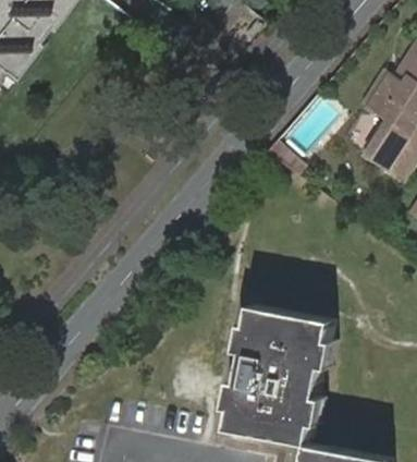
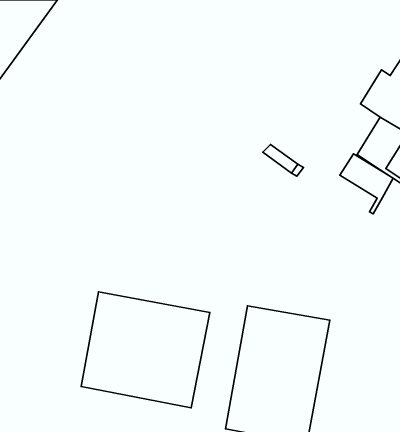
building: none -> [340,154,393,214]
building: none -> [81,292,210,408]

